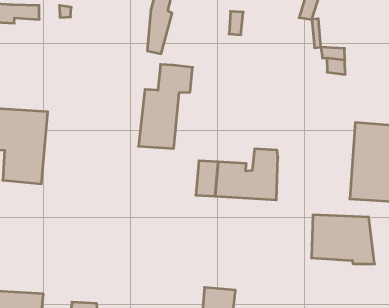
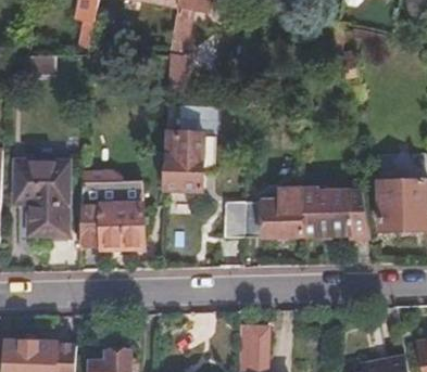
building: none -> [80,170,143,247]
building: [311,215,375,264] -> [304,191,369,239]

